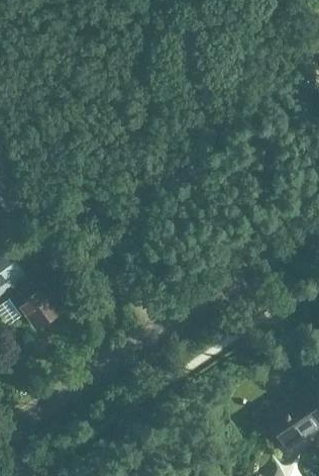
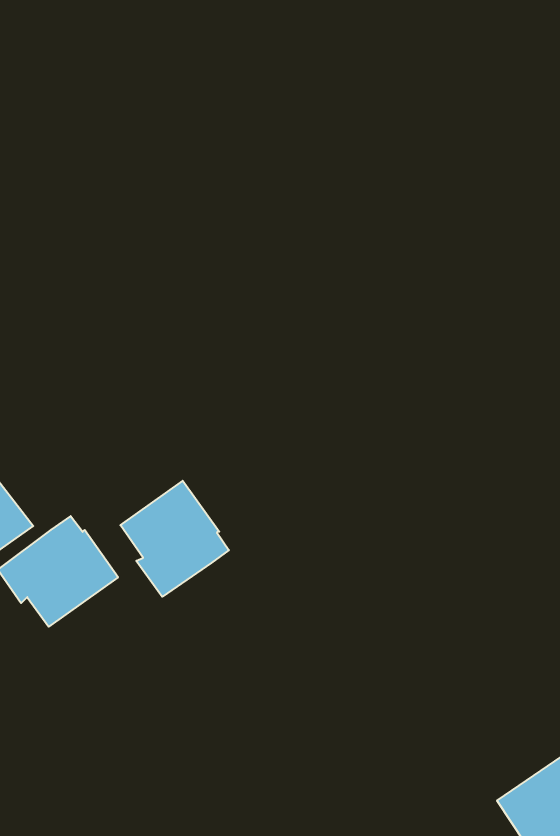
building: none -> [120,481,229,597]

